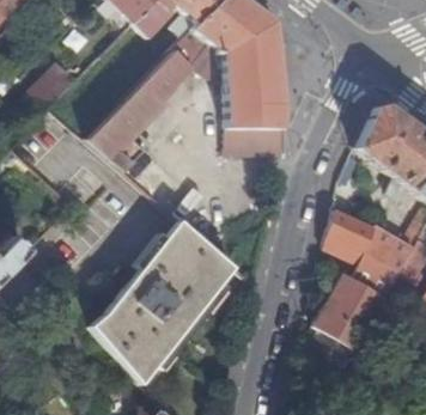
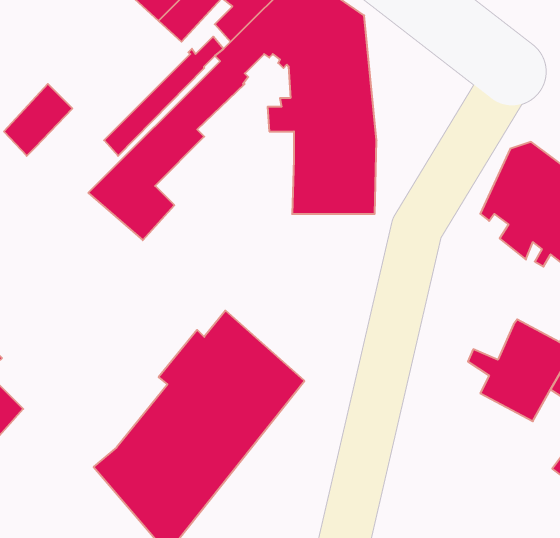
building: [329,207,378,251] -> none
building: [315,269,391,362] -> none

